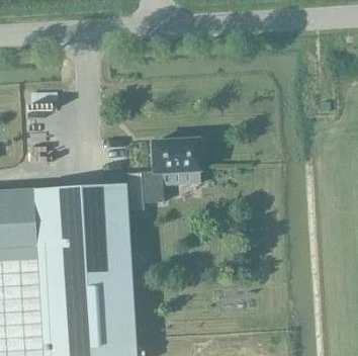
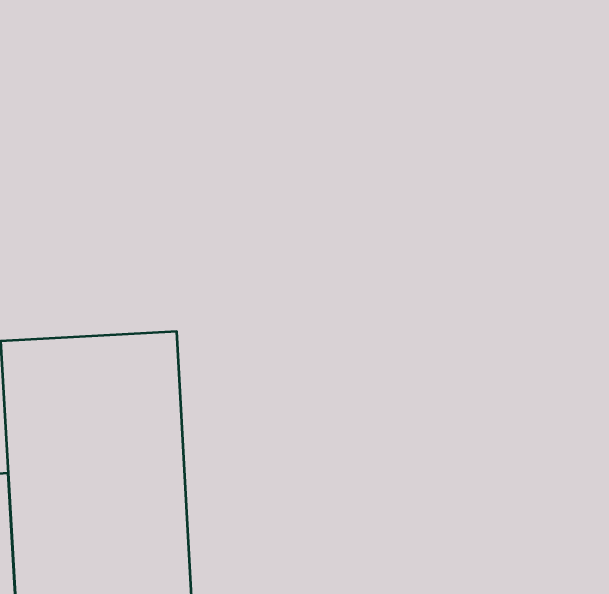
building: [141,139,201,205] -> none

